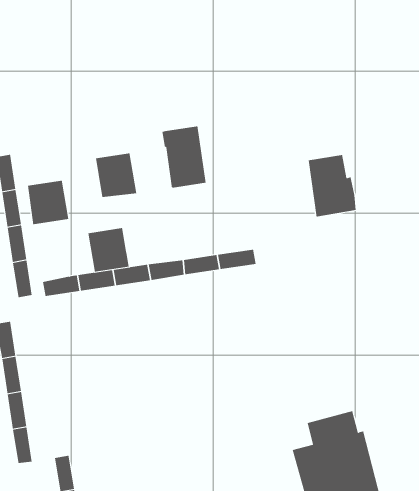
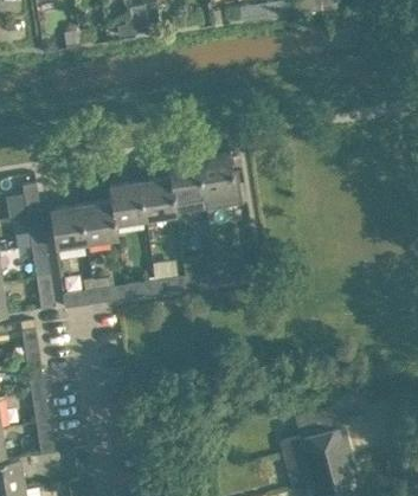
building: none -> [140,179,175,219]
building: [308,155,357,217] -> [199,155,242,210]
building: [87,228,130,272] -> [81,202,117,241]

